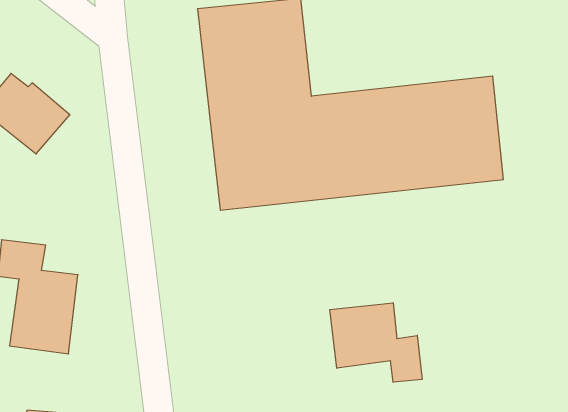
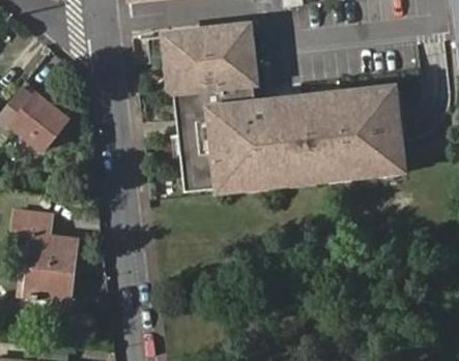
building: [330,303,422,382] -> none

